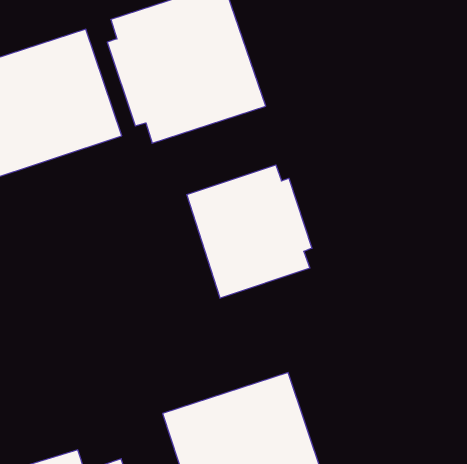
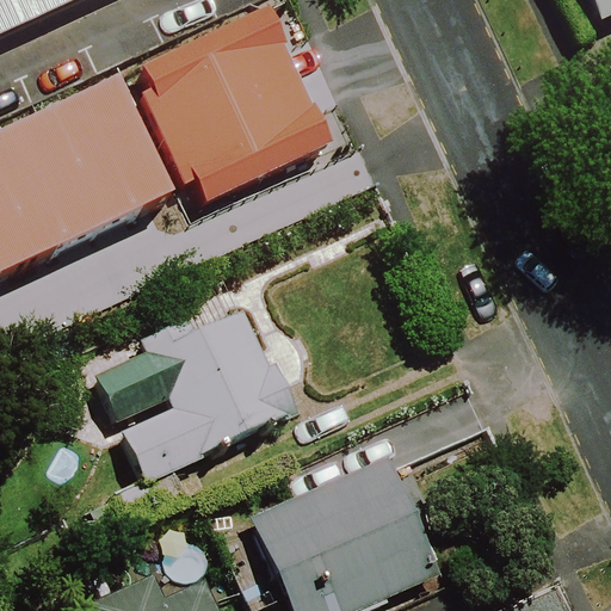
building: [187,165,312,298] -> none
building: none -> [94,309,290,477]

